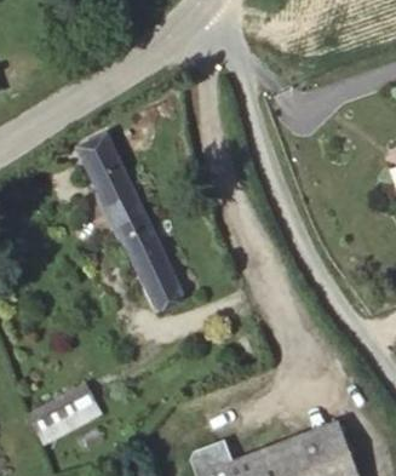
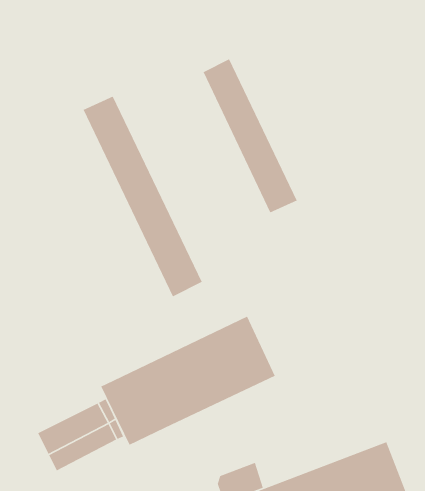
building: none -> [203,58,298,214]
building: none -> [100,316,276,446]

